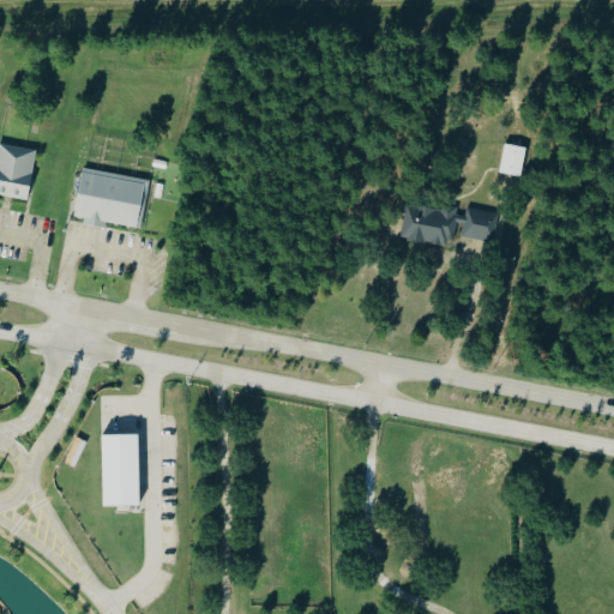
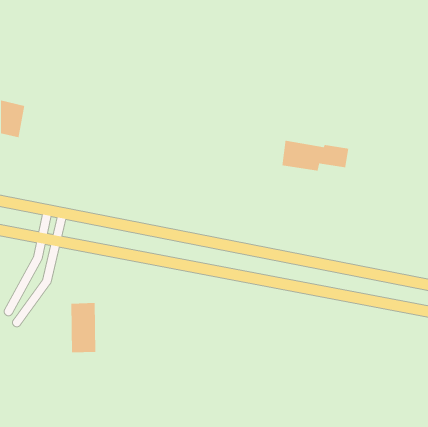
building: [499,144,528,176] -> none
building: [73,168,149,228] -> none

